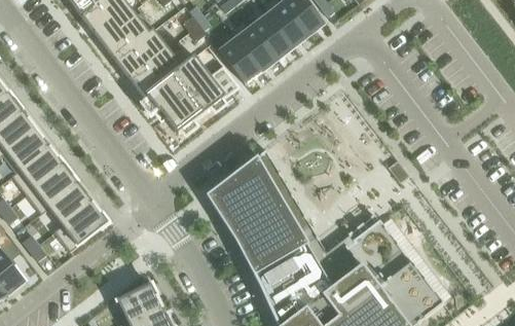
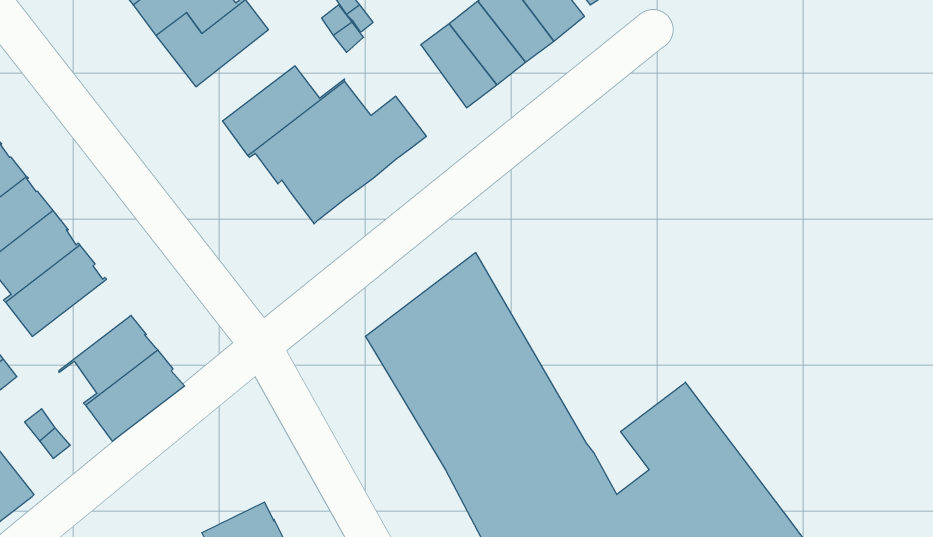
building: [114,29,168,78] -> none
building: [218,37,260,83] -> none
building: [26,164,79,213] -> none

